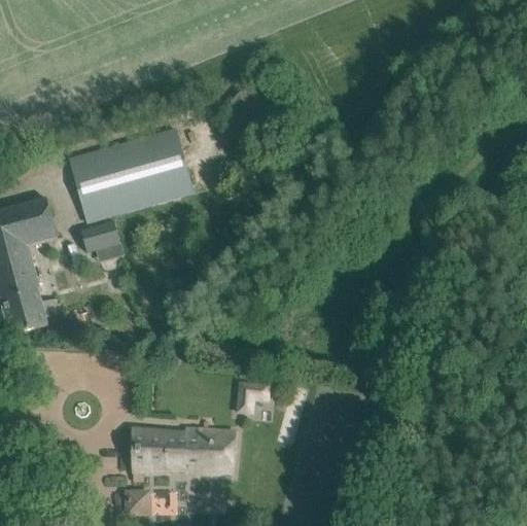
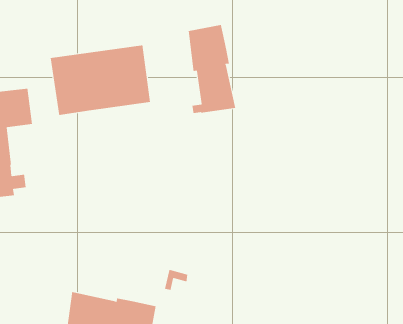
building: none -> [188,24,236,114]
building: [81,220,119,252] -> none

